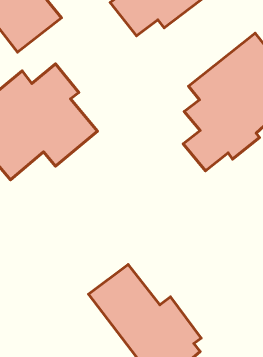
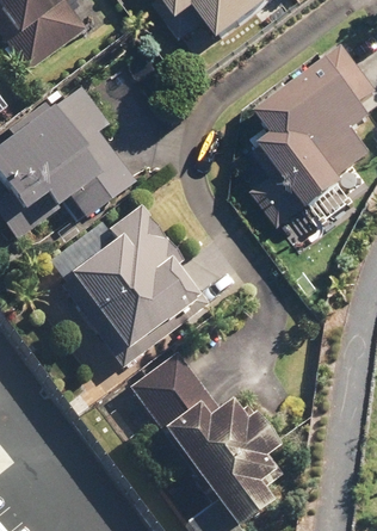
building: none -> [42,206,200,360]

